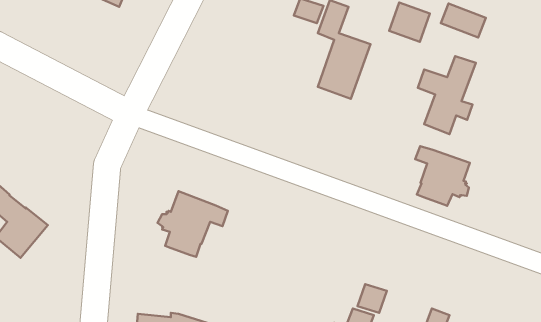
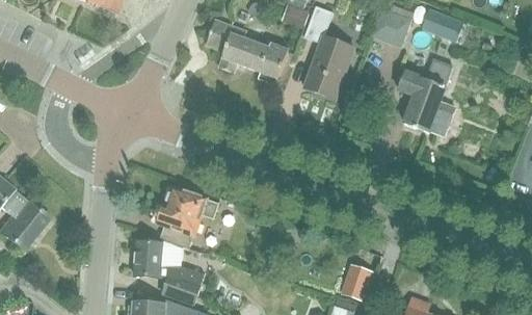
building: none -> [206,20,288,77]
building: [415,146,470,206] -> none
building: none -> [135,239,205,305]

